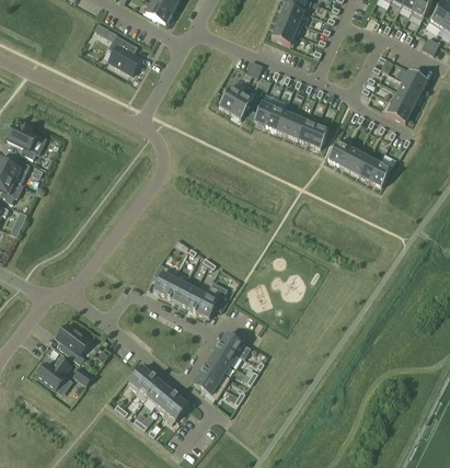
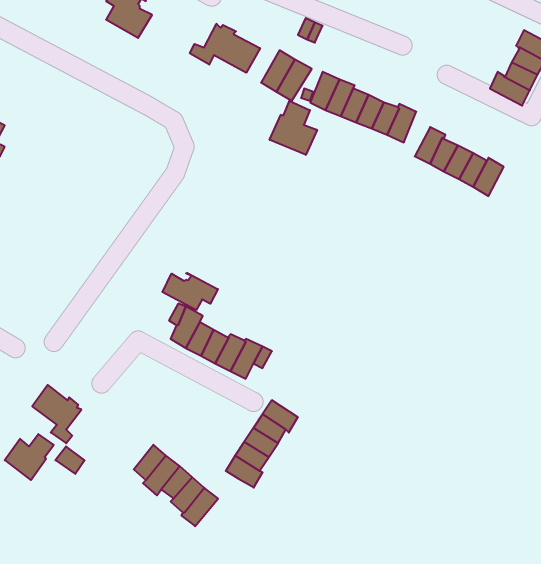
building: none -> [190,24,260,73]
building: none -> [270,101,317,155]
building: none -> [162,273,218,310]

